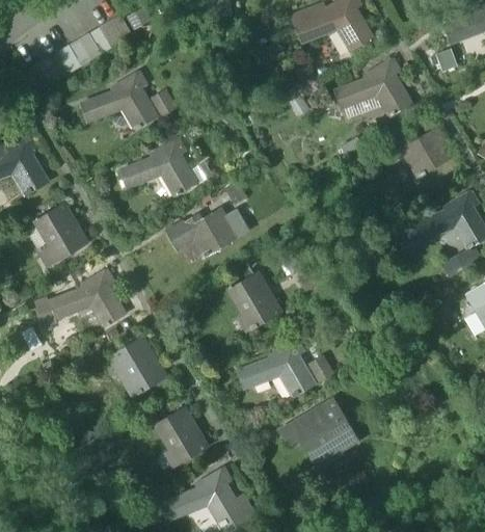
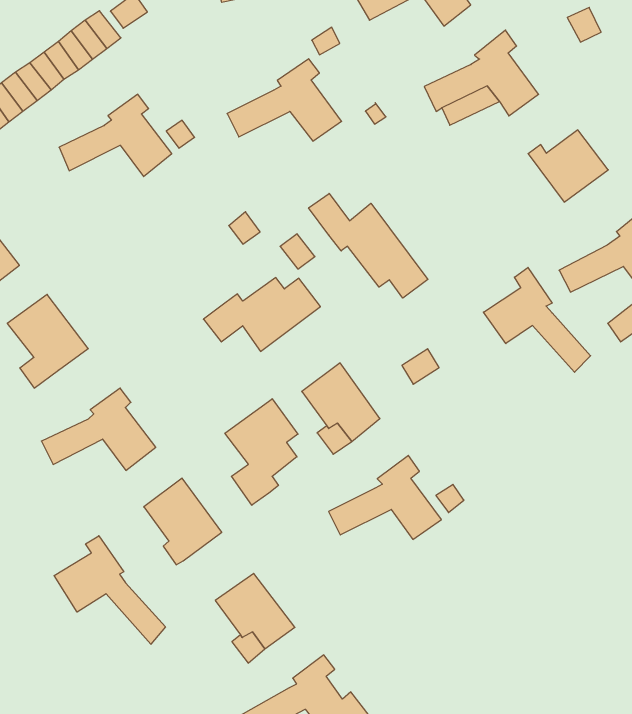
building: [118,138,195,194] -> [227,59,342,141]
building: none -> [309,193,428,298]
building: none -> [483,267,591,372]
building: none -> [225,399,298,505]
building: none -> [54,536,165,644]
building: [281,400,356,467] -> none

